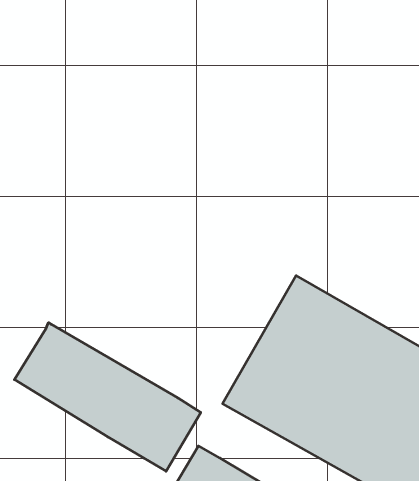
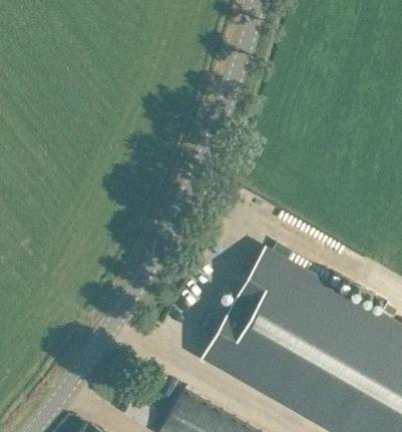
building: [14,323,201,471] -> none

